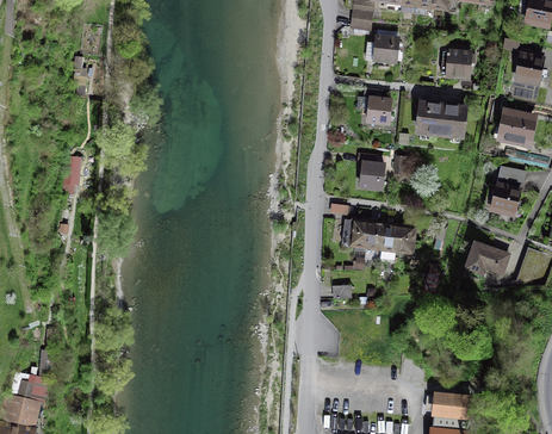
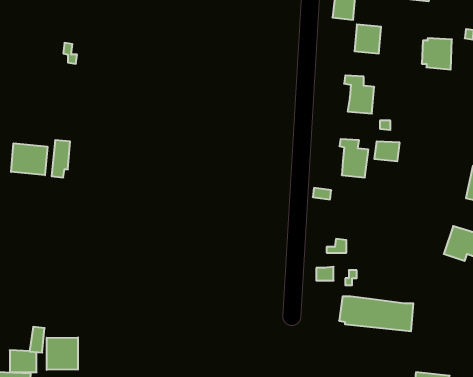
building: [416,101,467,141] -> none
building: none -> [11,143,47,175]
building: [341,219,417,255] -> [339,296,413,331]
building: none -> [47,337,78,370]

